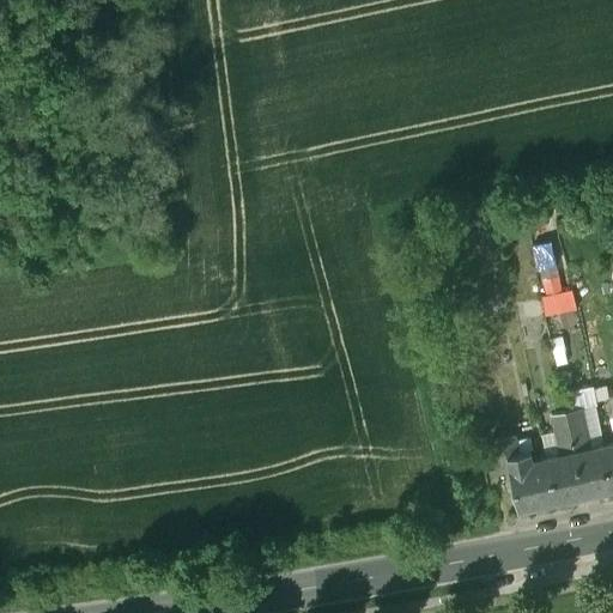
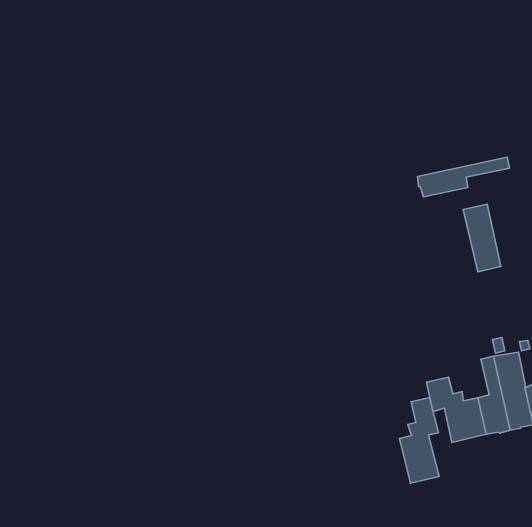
building: none -> [418,157,509,197]
building: none -> [400,397,439,483]

